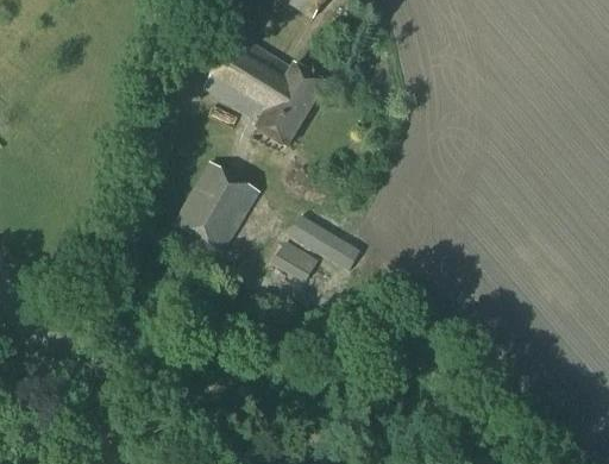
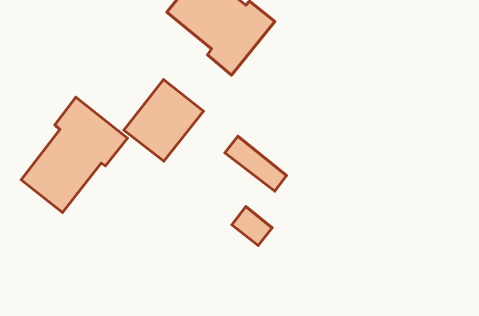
building: none -> [21,97,128,212]
building: [272,240,318,282] -> [232,206,272,246]

